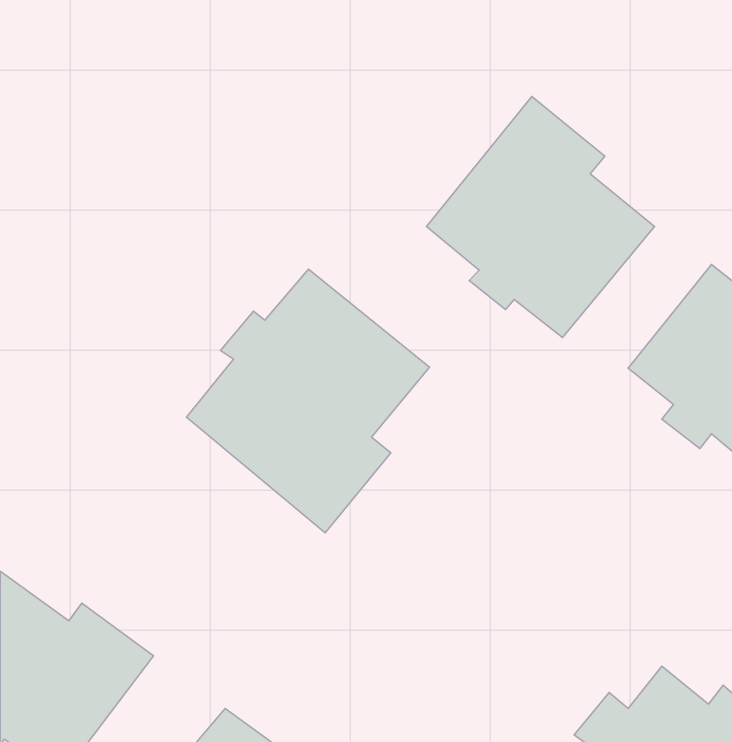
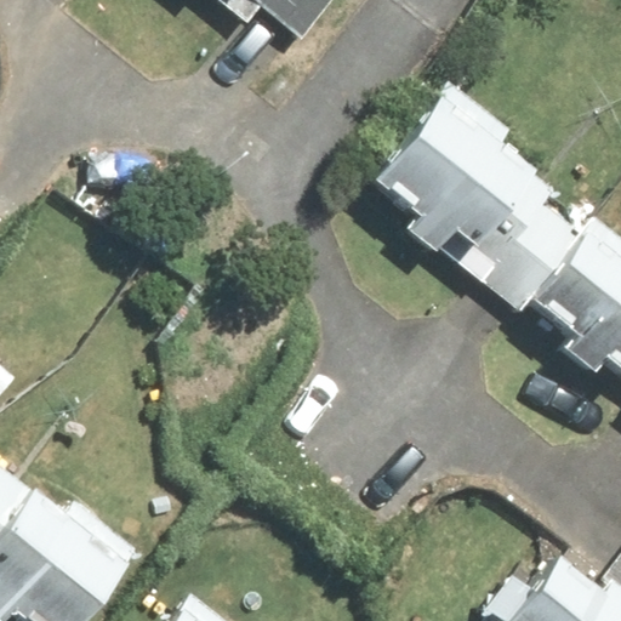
building: [186,269,429,533] -> none

